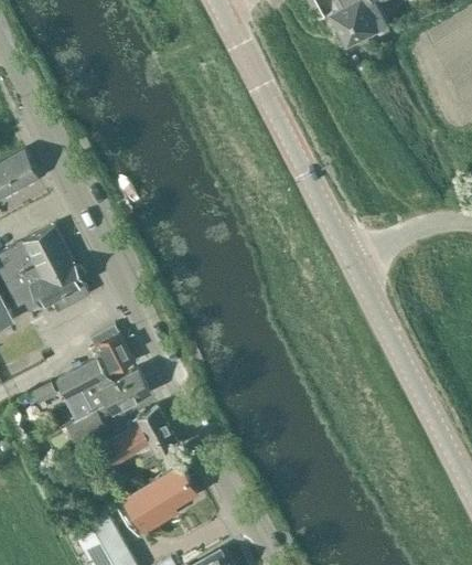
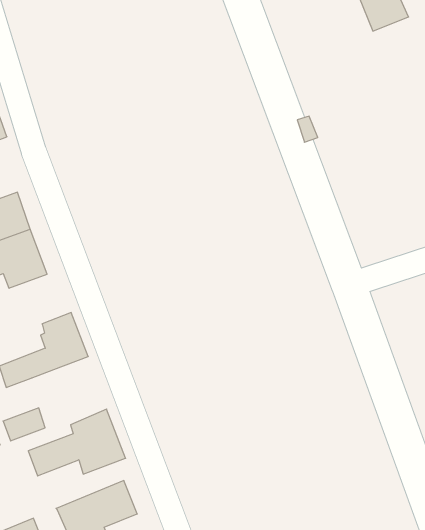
building: [73,370,149,416] -> none

